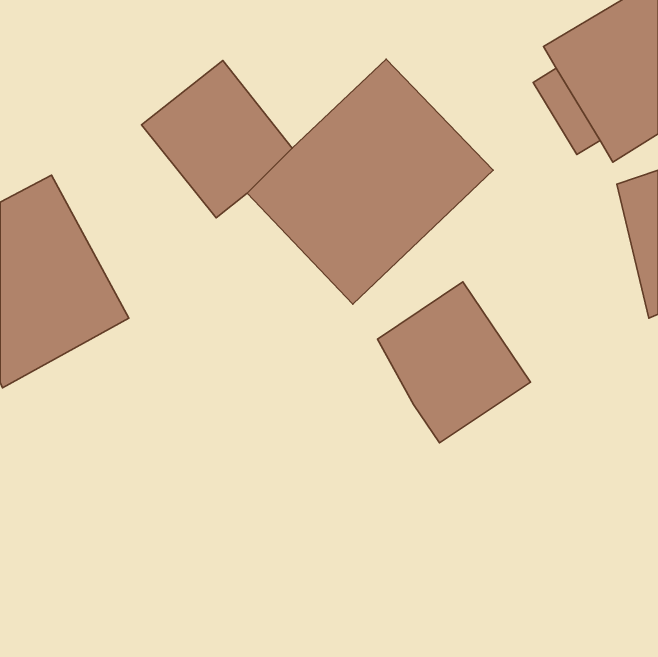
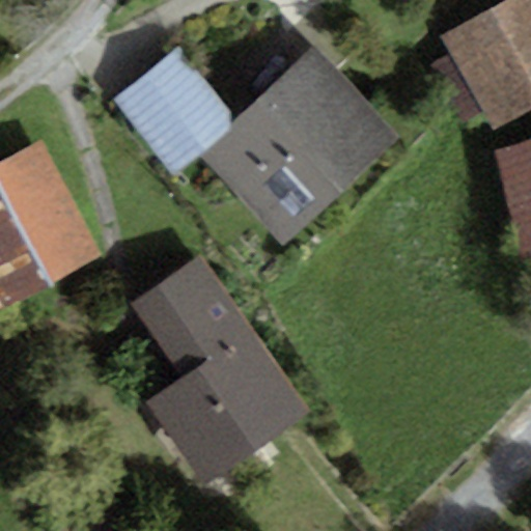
building: [378,282,531,443] -> none
building: none -> [133,257,309,482]

